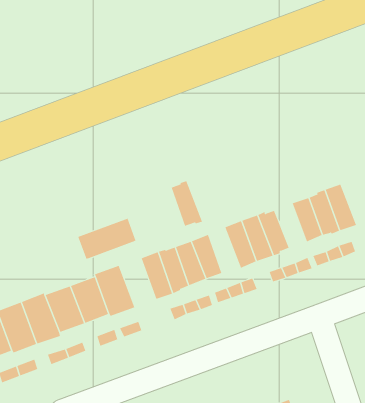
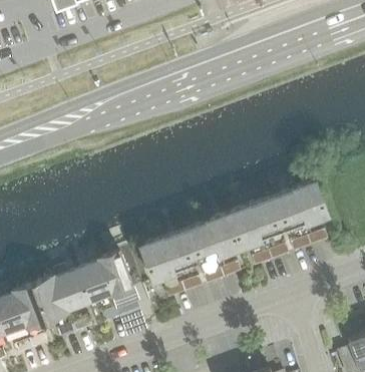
building: [171,181,203,226] -> [198,218,226,258]
building: none -> [256,197,284,236]
building: [78,218,136,260] -> none

